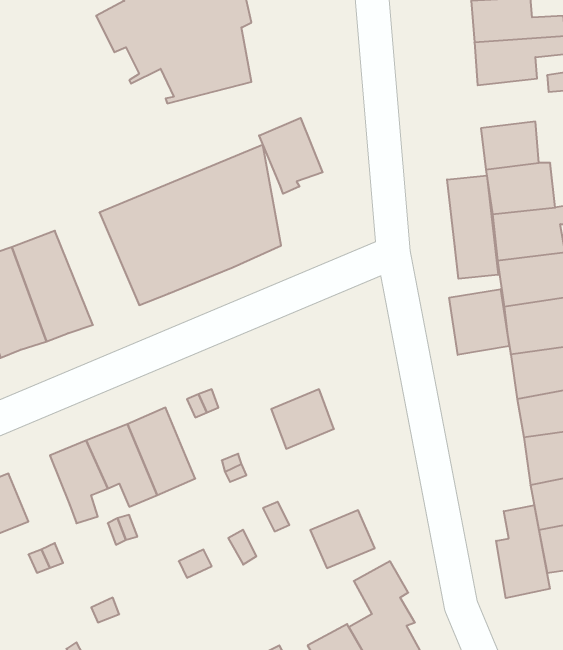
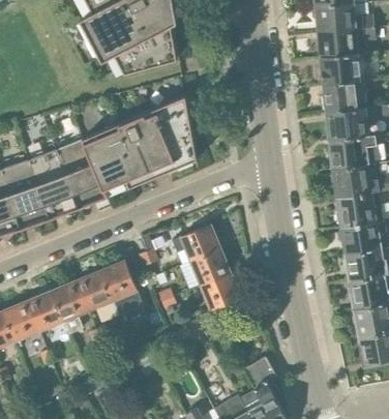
building: none -> [319,55,358,86]
building: [259,118,323,194] -> none
building: [447,176,498,279] -> none
building: none -> [54,139,107,209]
building: [449,289,509,355] -> none
building: none -> [171,225,219,262]
building: none -> [25,291,63,332]
building: [496,505,550,598] -> none
building: [310,510,375,568] -> [199,274,239,310]

